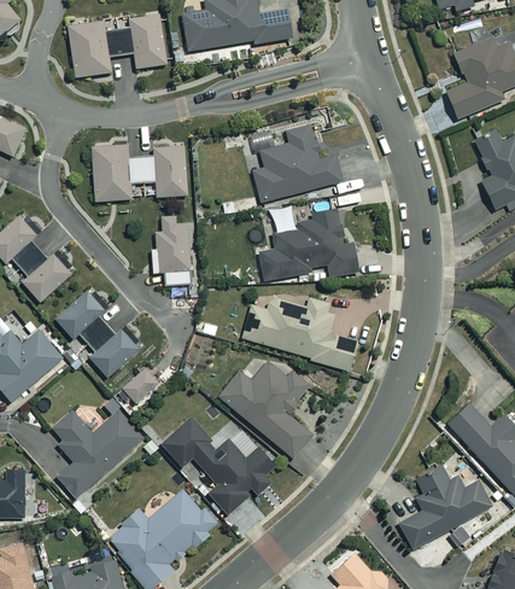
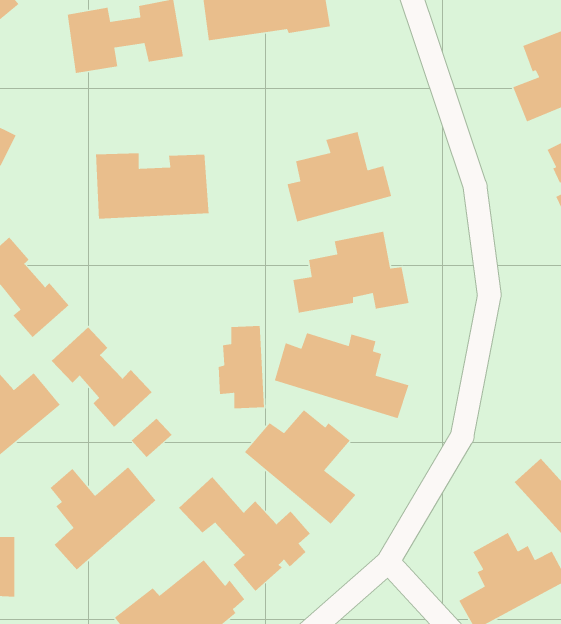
building: [151,215,191,286] -> [218,325,265,409]

